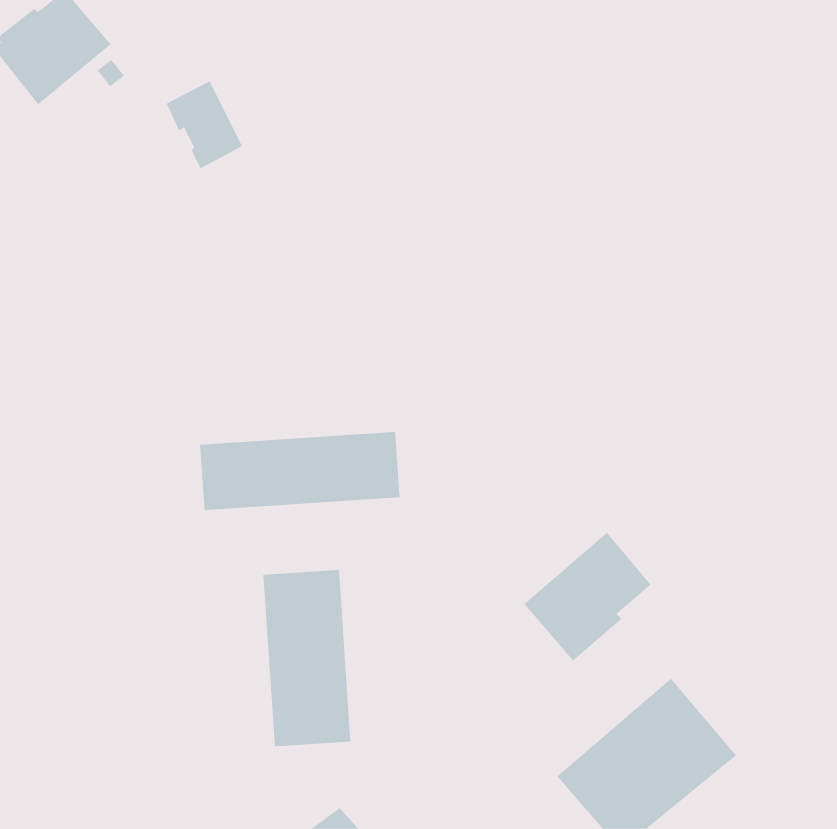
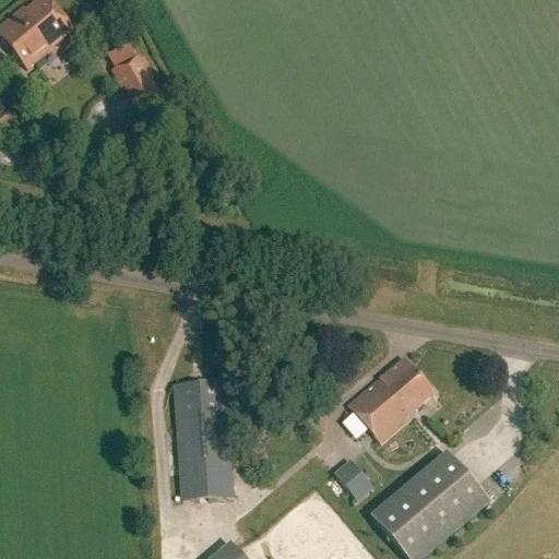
building: [200,431,400,511] -> none
building: none -> [333,460,372,501]

